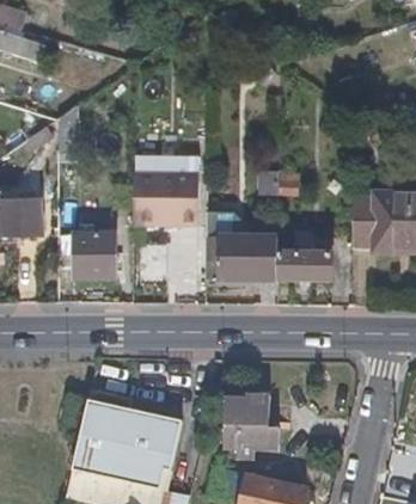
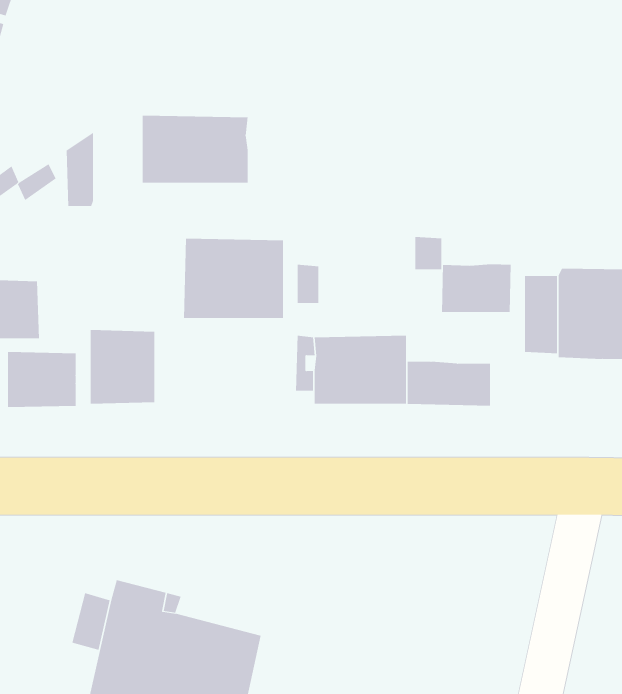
building: none -> [142,115,248,184]
building: none -> [442,264,511,313]
building: none -> [8,351,76,408]
building: [224,393,279,453] -> none

